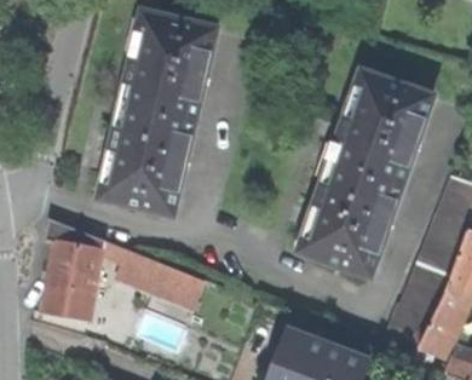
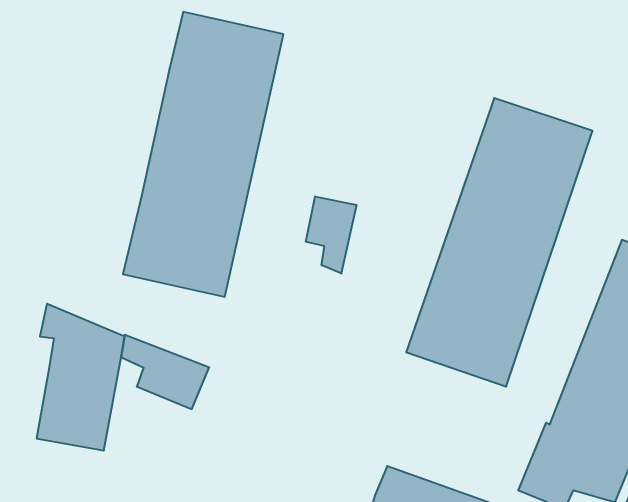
building: none -> [306,196,357,274]
building: [150,264,198,306] -> none

